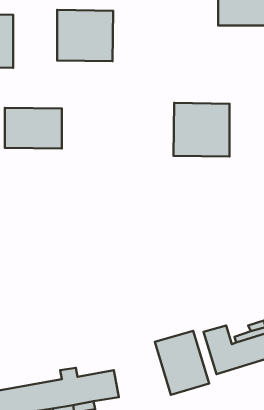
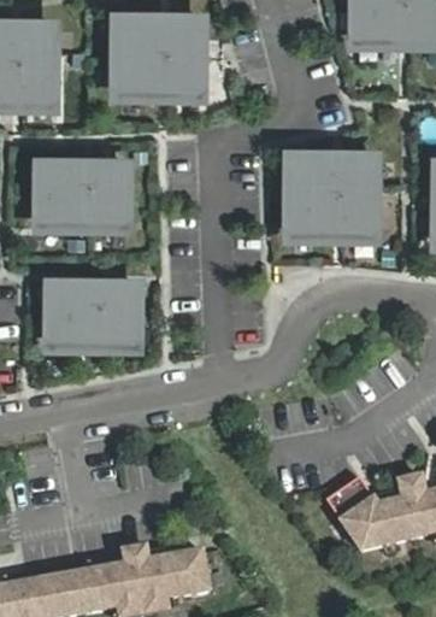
building: none -> [48,282,134,341]
building: [155,331,209,395] -> none

